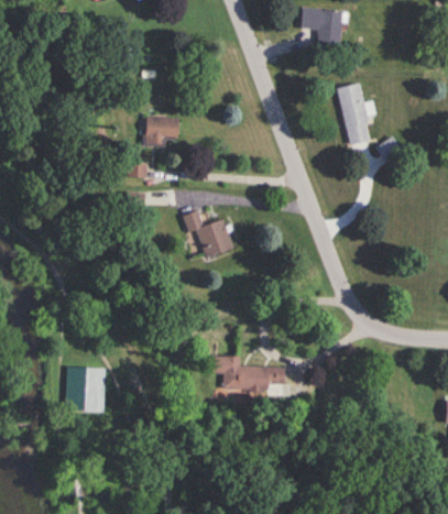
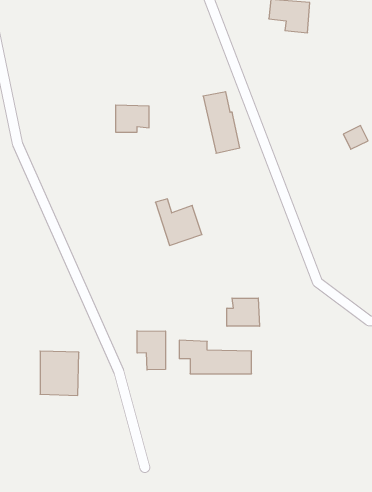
building: [337,83,374,145] -> [203,92,240,153]
building: none -> [227,298,260,326]
building: none -> [137,331,165,370]

